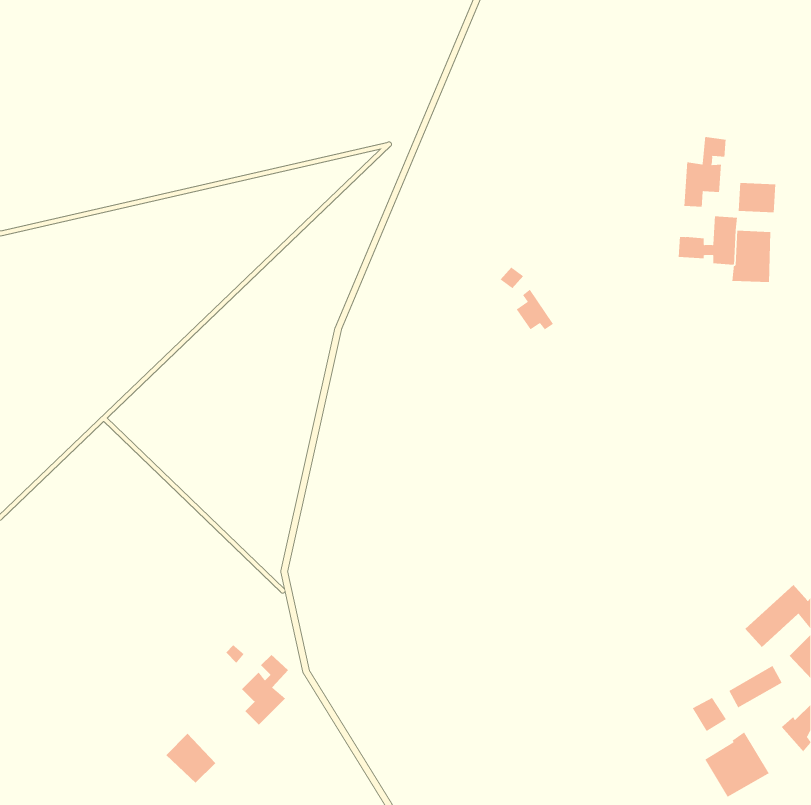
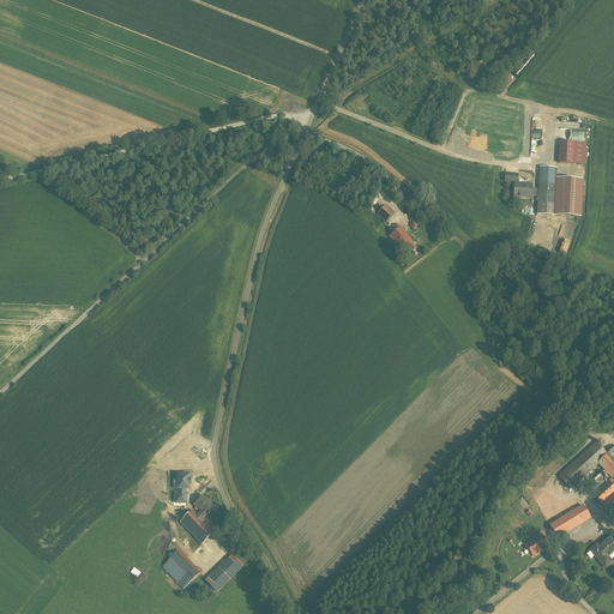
building: [684,136,726,208] -> none
building: none -> [206,550,245,588]
building: [704,731,769,798] -> none
building: [165,733,216,784] -> [164,547,203,585]

